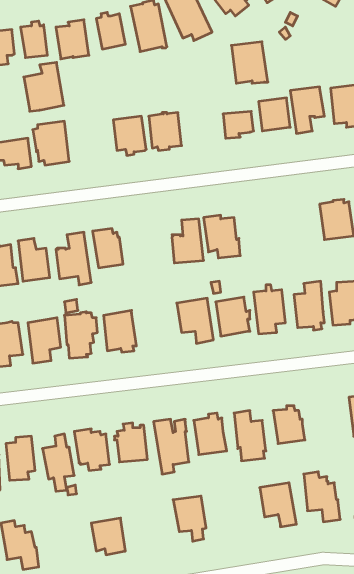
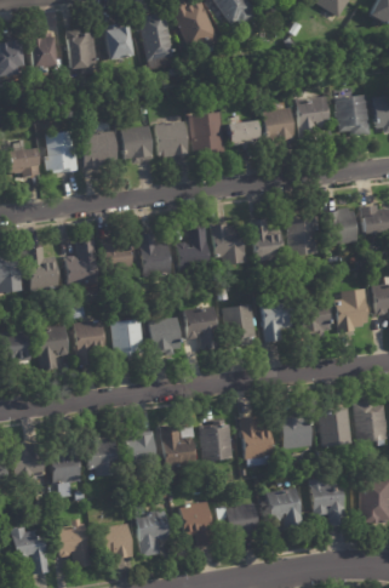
building: [231,42,268,83] -> [191,112,228,153]
building: [24,62,64,111] -> [81,120,121,169]
building: none -> [286,213,316,256]
building: none -> [254,218,287,264]
building: none -> [138,233,172,280]
building: none -> [151,316,181,355]
building: none -> [320,410,351,447]
building: none -> [136,504,171,558]
building: none -> [225,504,257,542]
building: none -> [55,524,88,569]

